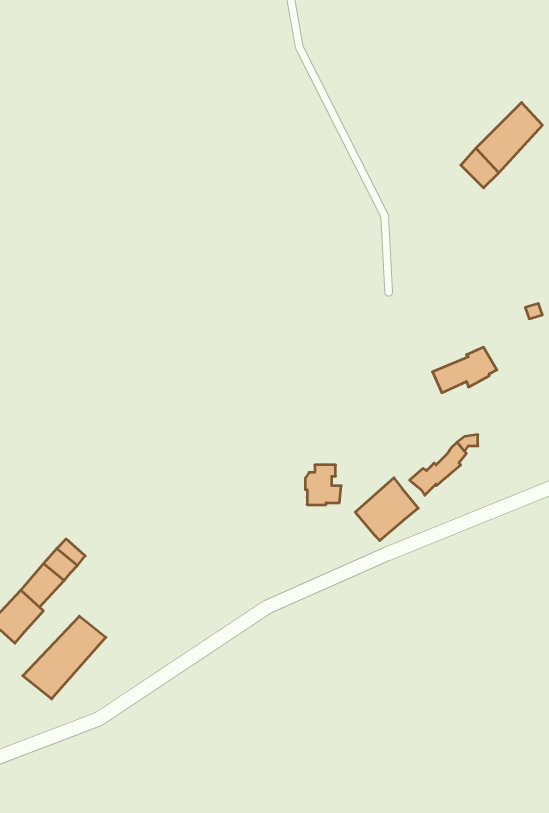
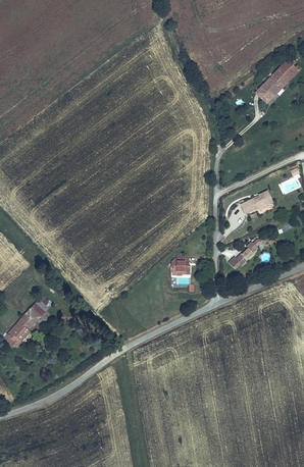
building: [355,478,418,541] -> none
building: [23,616,106,699] -> none

